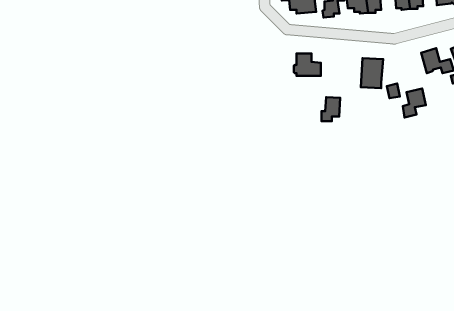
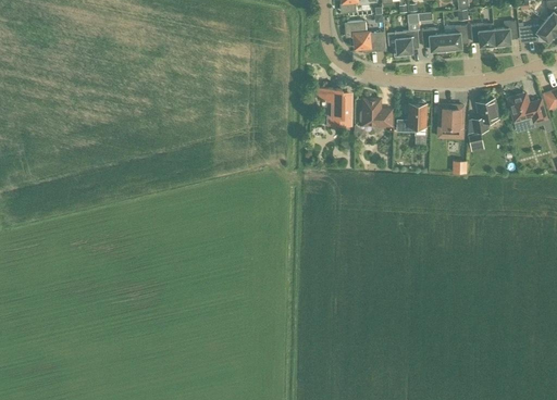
building: none -> [318,88,350,125]
building: [403,89,426,117] -> [471,99,498,133]
building: [322,97,340,121] -> [404,103,425,132]

